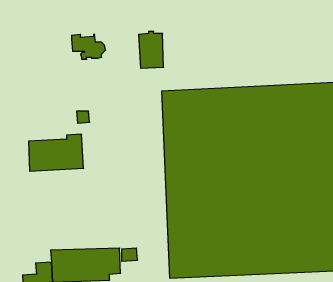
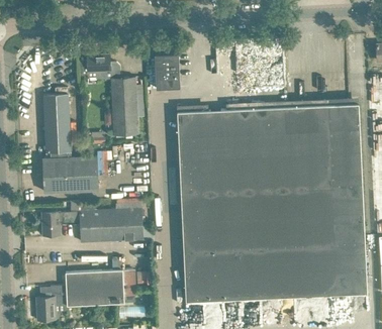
building: none -> [110,79,142,134]
building: none -> [42,95,81,163]
building: none -> [41,200,142,243]

